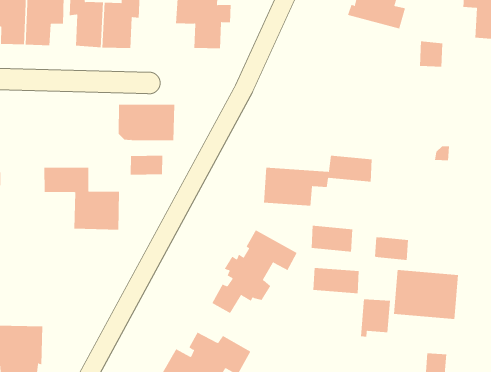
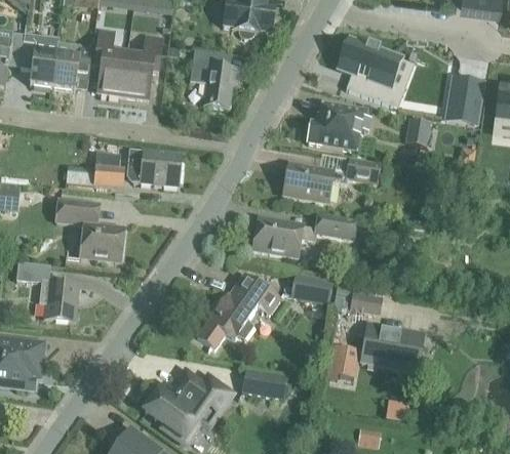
building: none -> [307,101,371,151]
building: none -> [284,160,380,202]
building: [130,155,163,175] -> [93,167,125,187]
building: none -> [16,261,79,321]
building: [313,267,360,294] -> [243,370,287,398]

